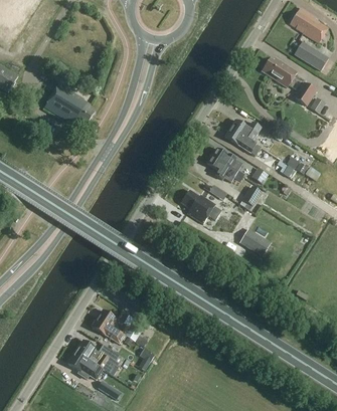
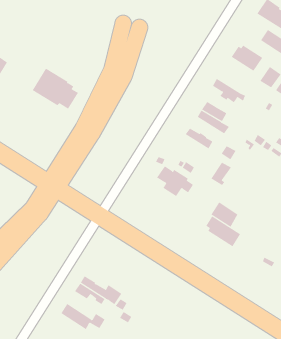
building: [206,156,243,183] -> [212,78,246,103]
building: none -> [206,216,241,247]
building: [66,351,104,375] -> none

